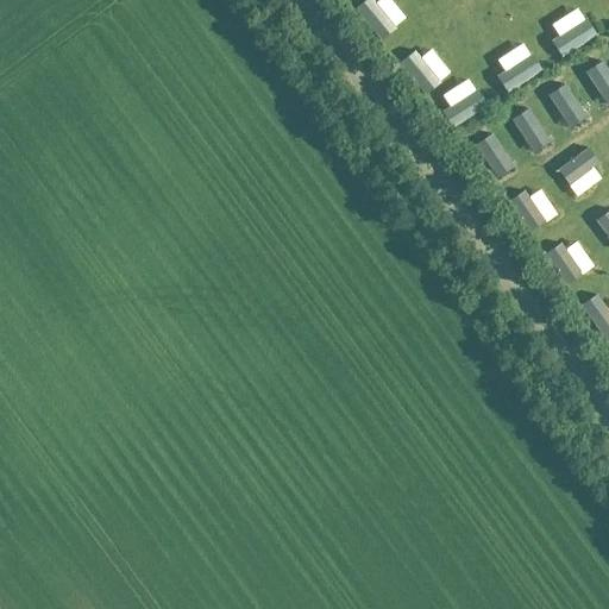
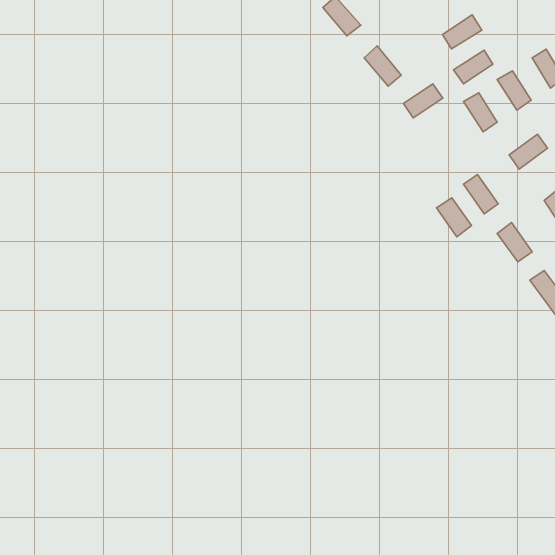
building: [553,19,596,56] -> [443,15,482,49]
building: [471,125,508,168] -> none
building: none -> [436,198,472,237]

